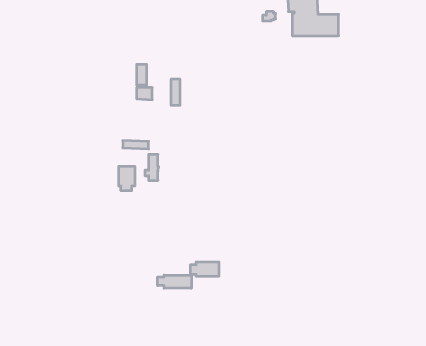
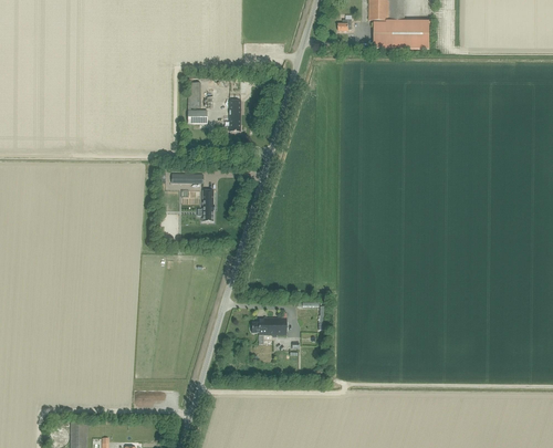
building: [119,166,135,191] -> none
building: [158,275,191,288] -> none

